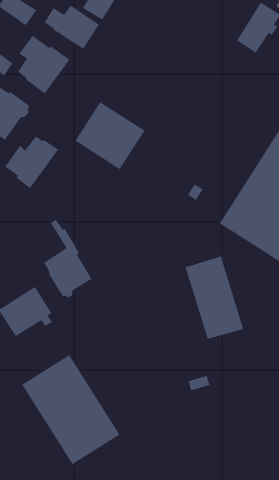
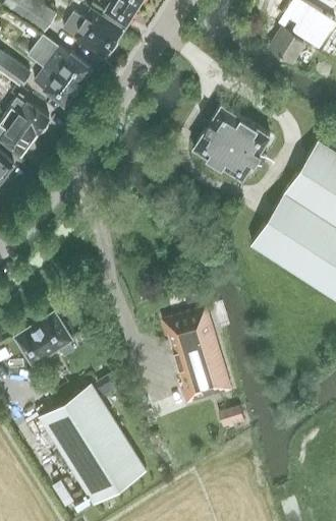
building: [74,101,145,170] -> [193,105,270,179]
building: [4,136,59,189] -> none
building: [43,219,92,298] -> none
building: [185,255,244,340] -> [164,309,228,400]

